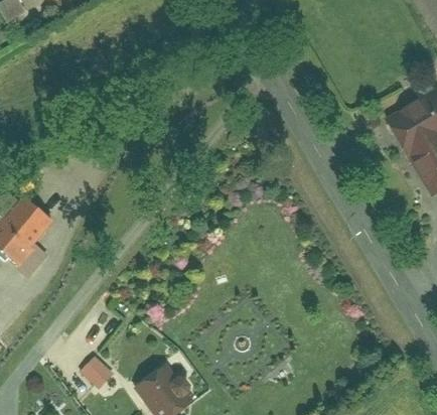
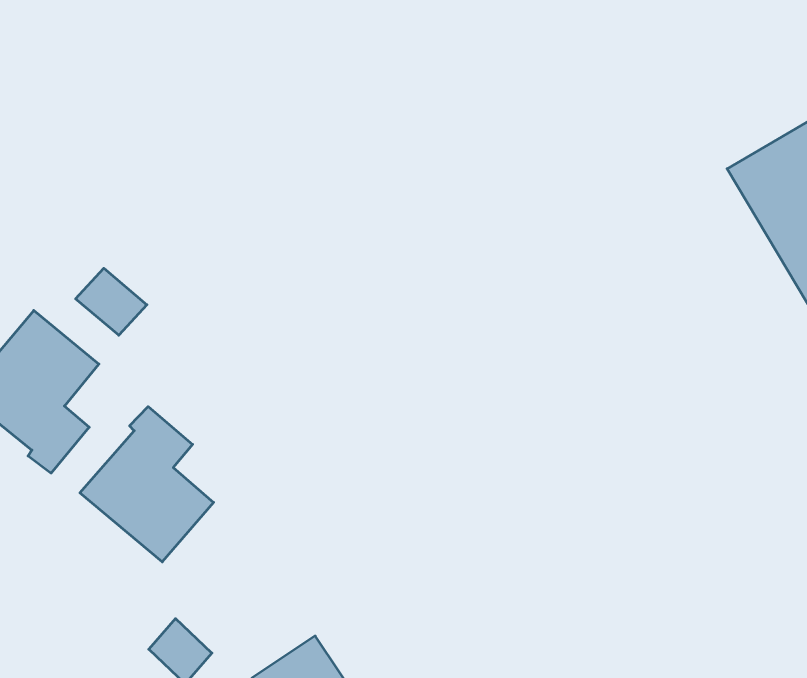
building: none -> [76,268,147,335]
building: none -> [80,407,214,562]

